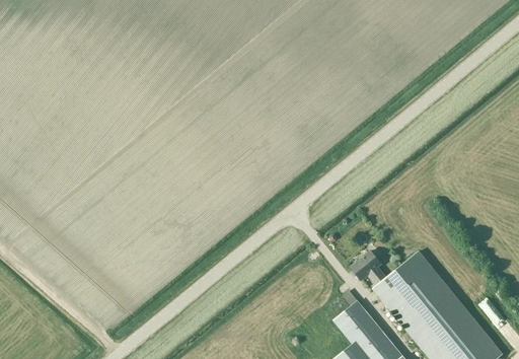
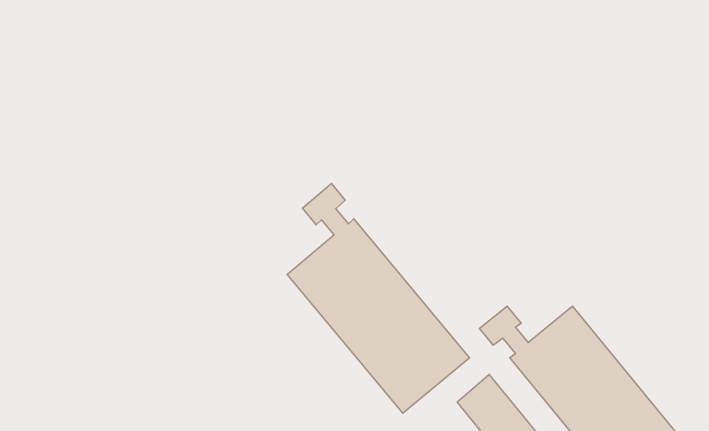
building: none -> [287,183,469,413]

